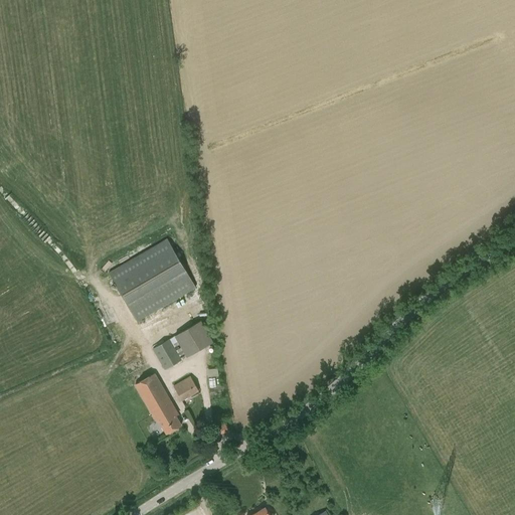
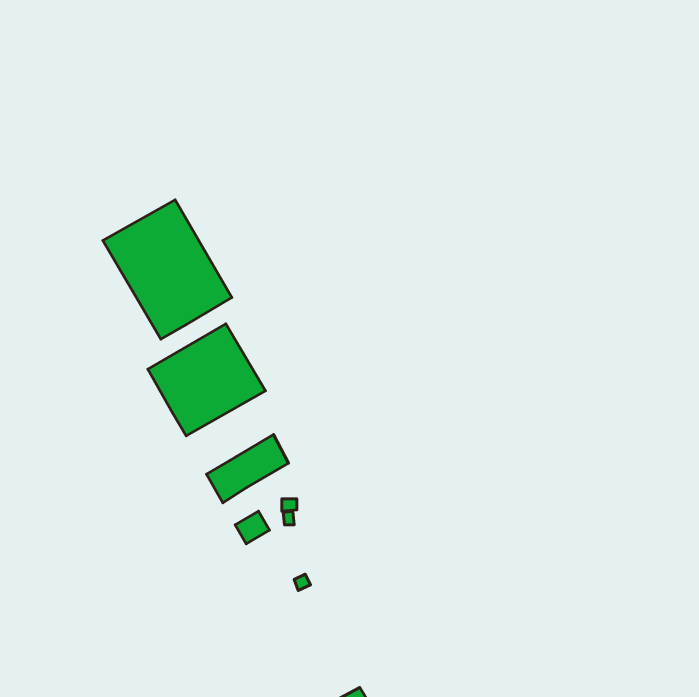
building: none -> [103,200,232,339]
building: [135,374,181,434] -> none

